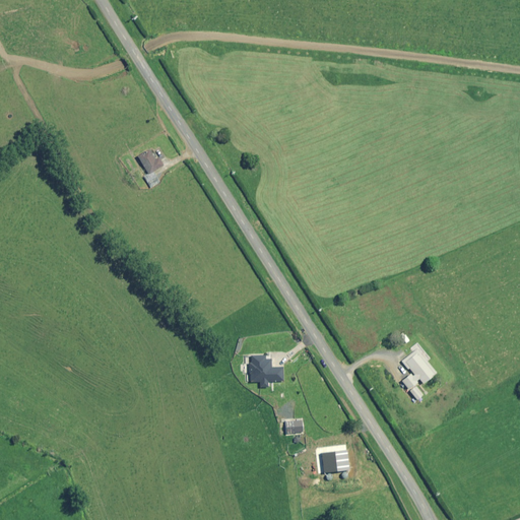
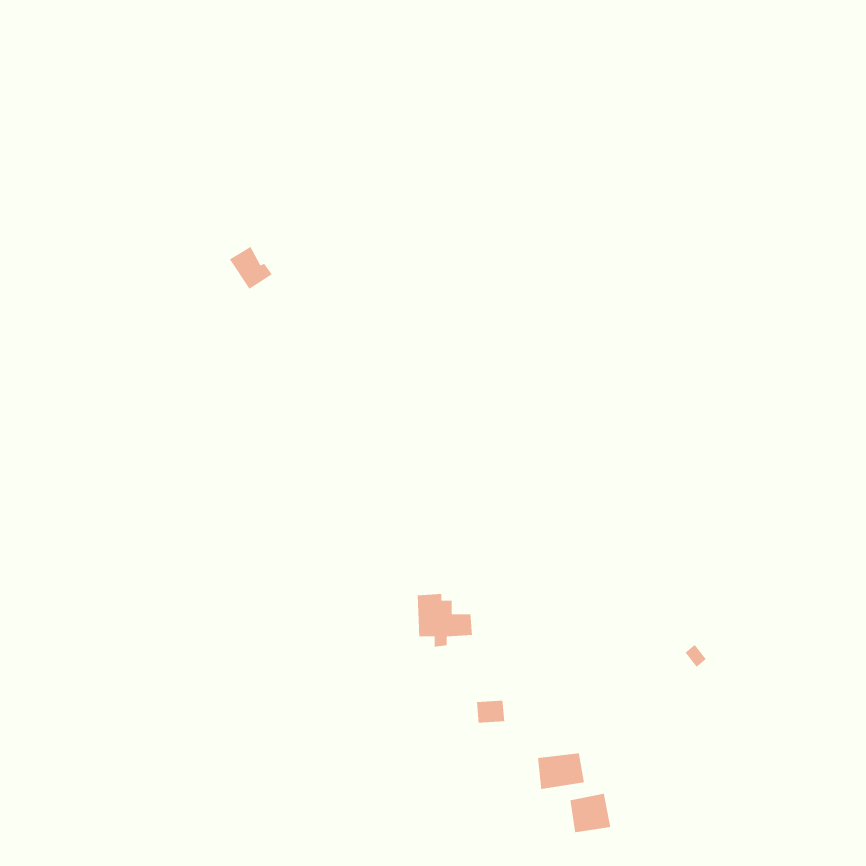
building: [401,344,437,390] -> none
building: none -> [570,793,611,833]

